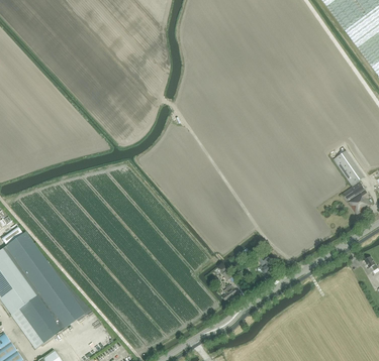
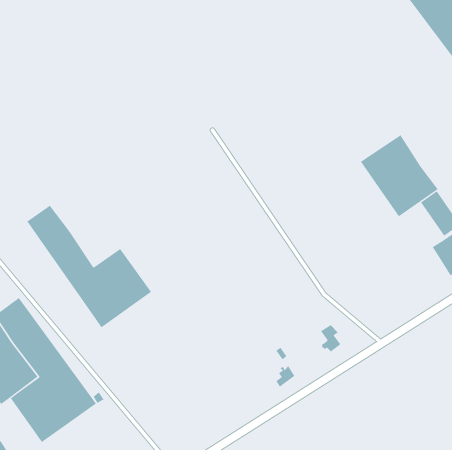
building: none -> [360,134,439,217]
building: none -> [27,205,152,328]

